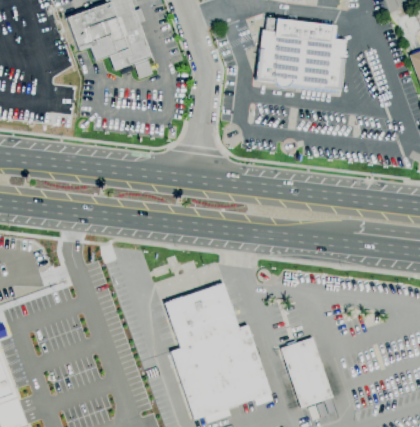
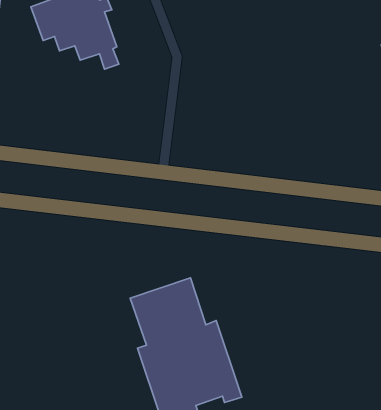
building: [256,19,346,93] -> none
building: [281,338,333,408] -> none

